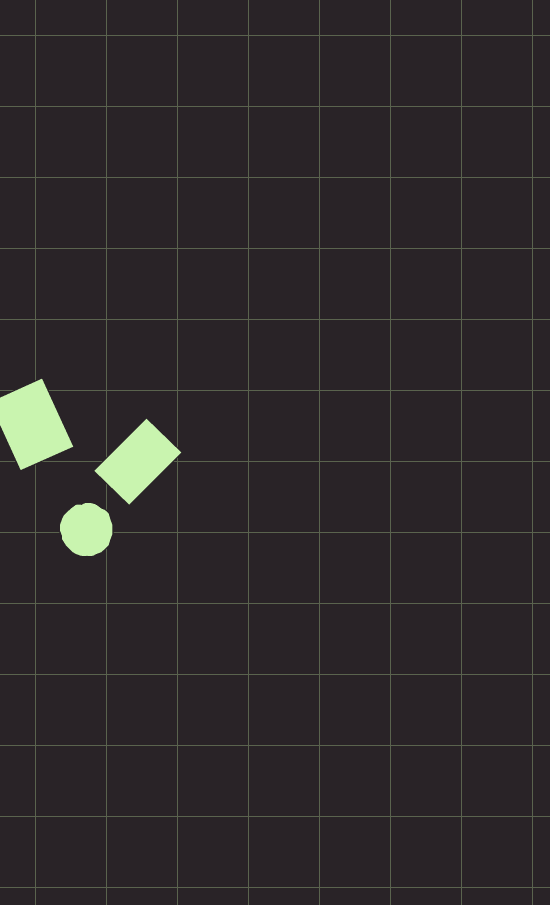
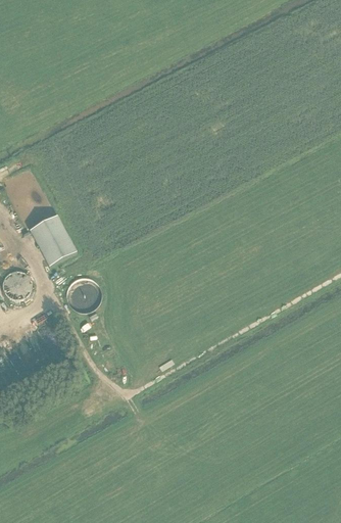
building: [94,418,182,506] -> none

